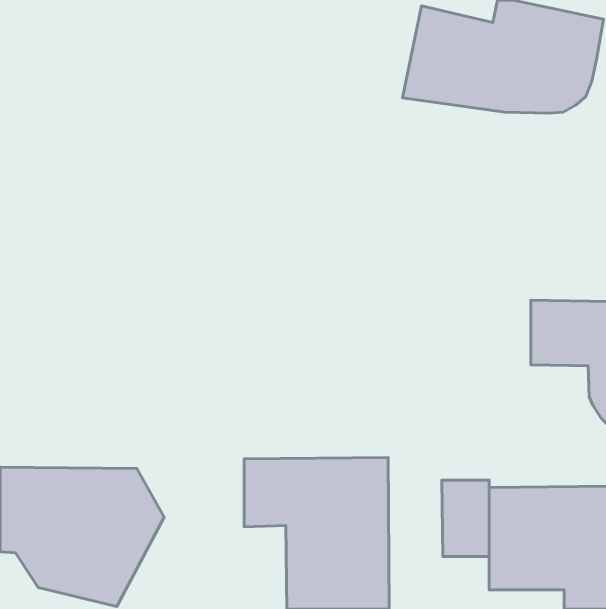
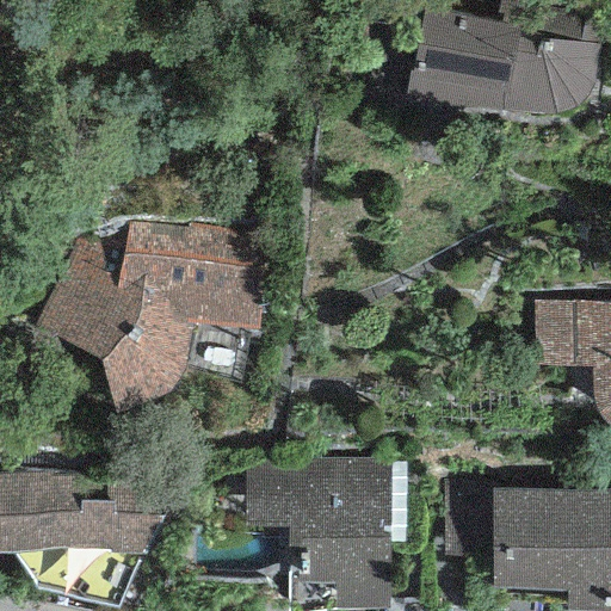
building: none -> [35,222,264,414]

